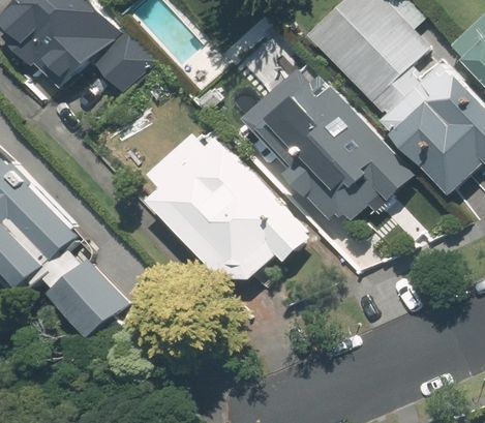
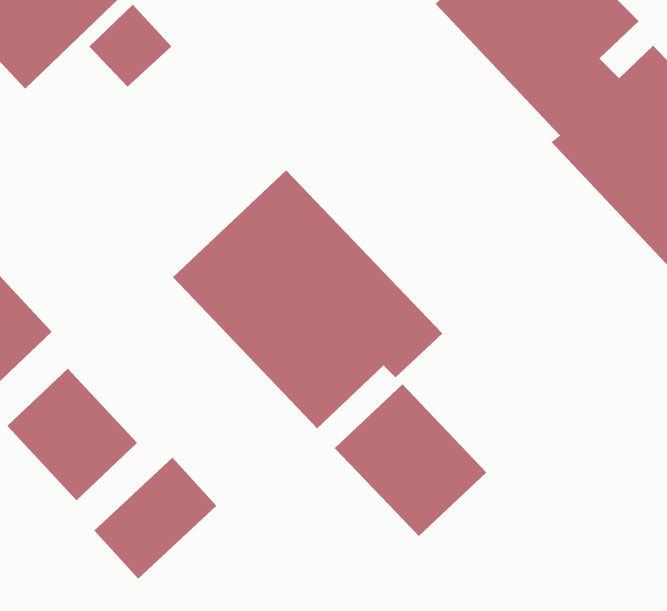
building: [254,72,412,222] -> none
building: none -> [334,383,487,537]
building: none -> [94,457,217,579]

